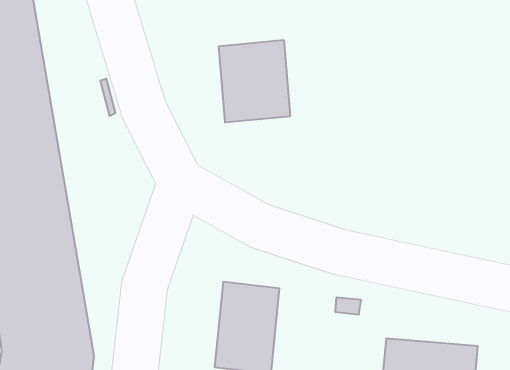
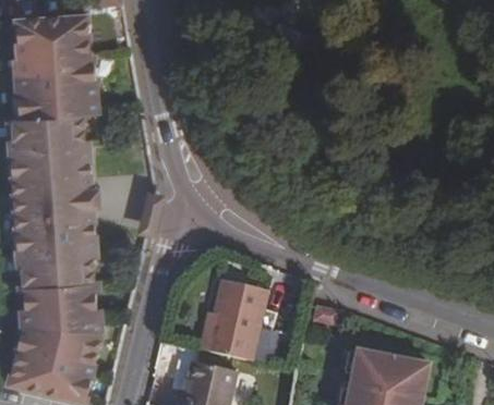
building: [219,40,290,123] -> none

